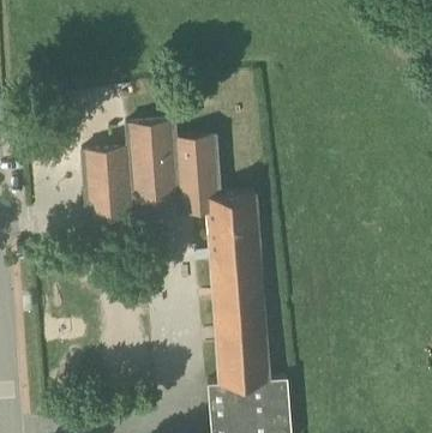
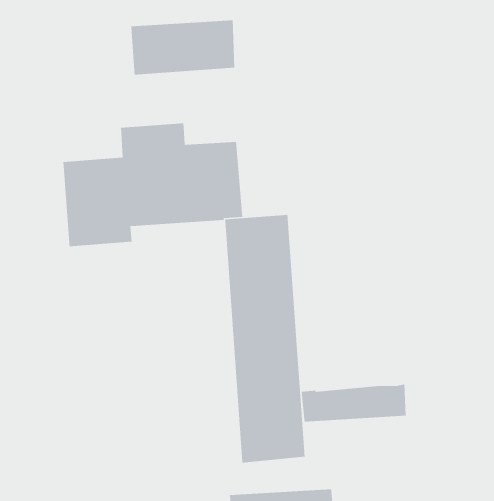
building: none -> [130,20,235,75]
building: [206,377,288,407] -> [301,384,407,422]

